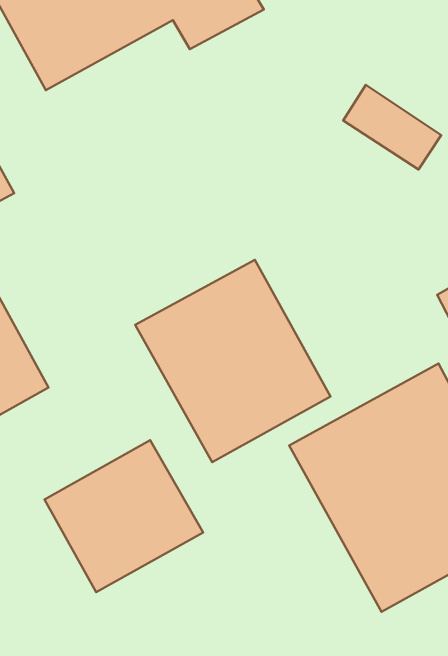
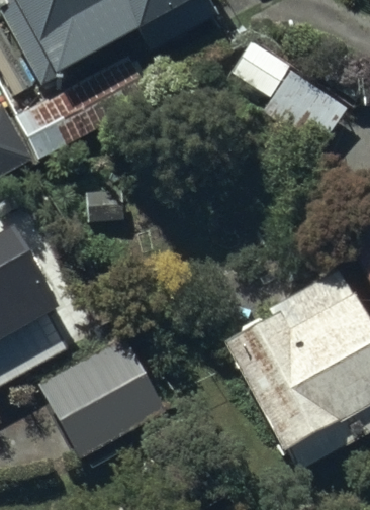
building: [135,260,330,462] -> none

